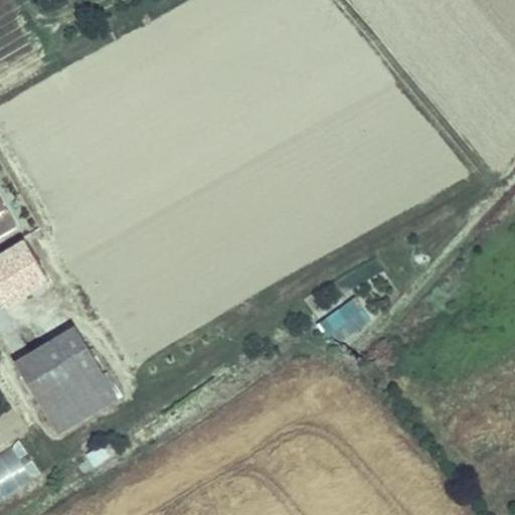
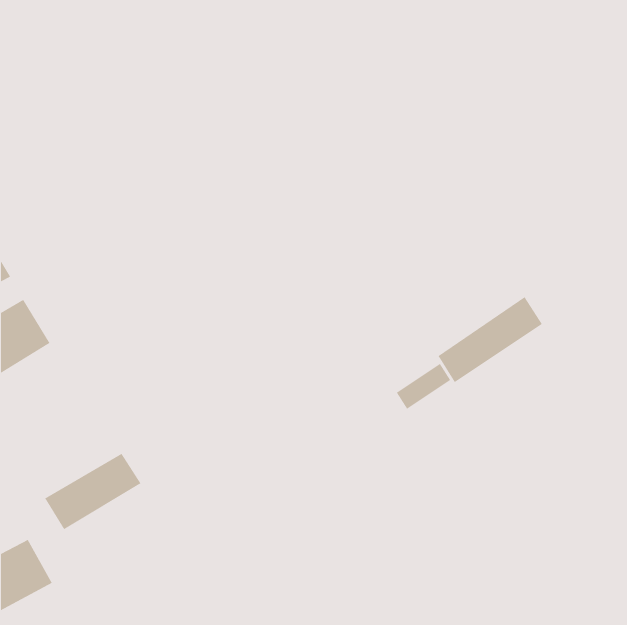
building: none -> [437,296,543,383]
building: [10,326,101,407] -> none

